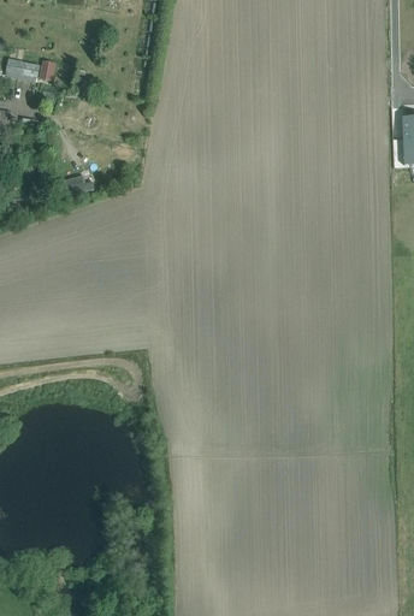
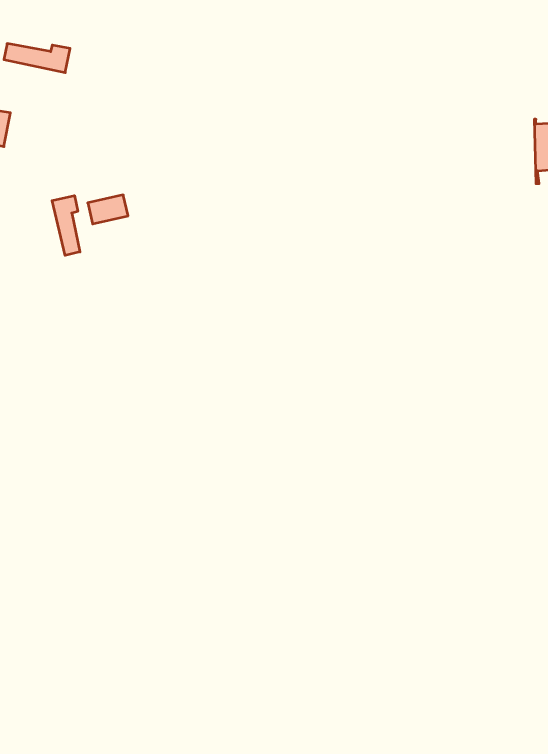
building: none -> [52,196,80,255]

